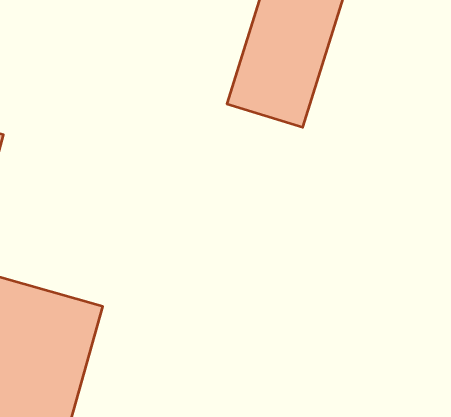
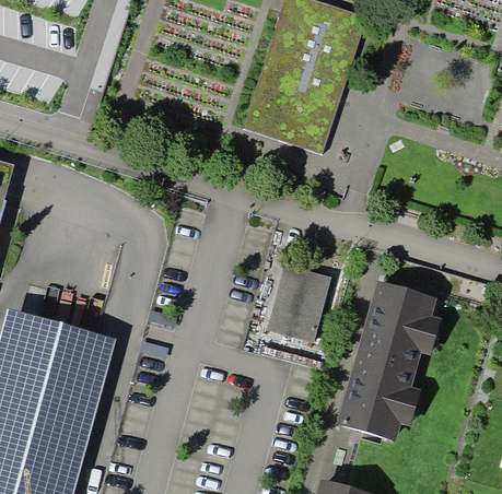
building: none -> [266,264,331,343]
building: none -> [336,280,441,440]

